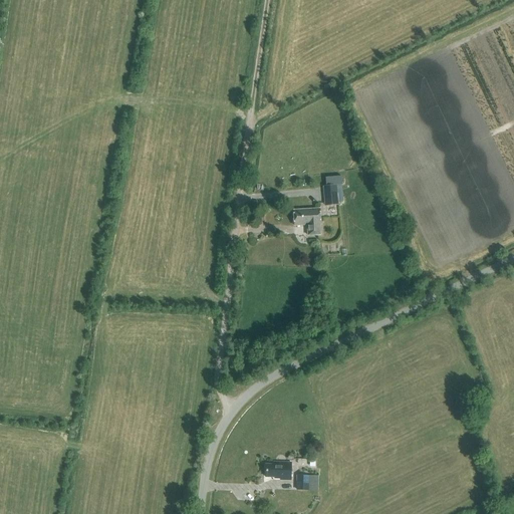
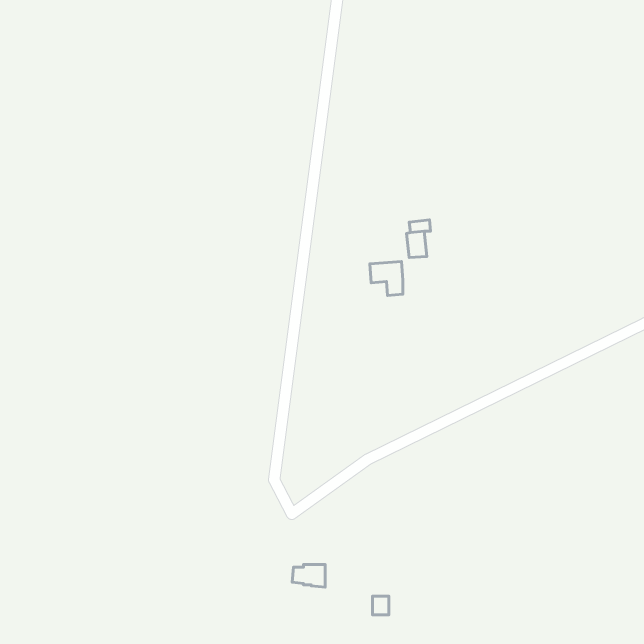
building: [266,462,292,480] -> [292,565,325,587]

